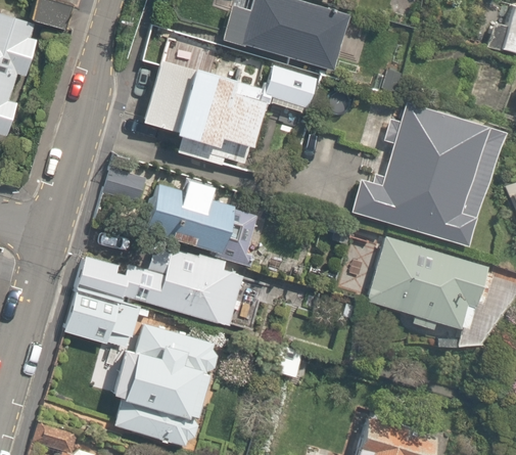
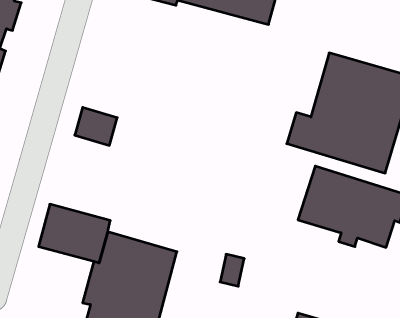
building: [141,60,319,166] -> none
building: [145,180,262,264] -> none
building: [73,245,246,325] -> none

